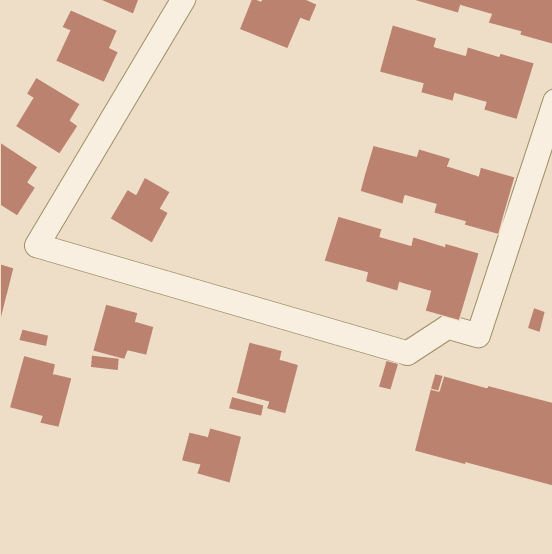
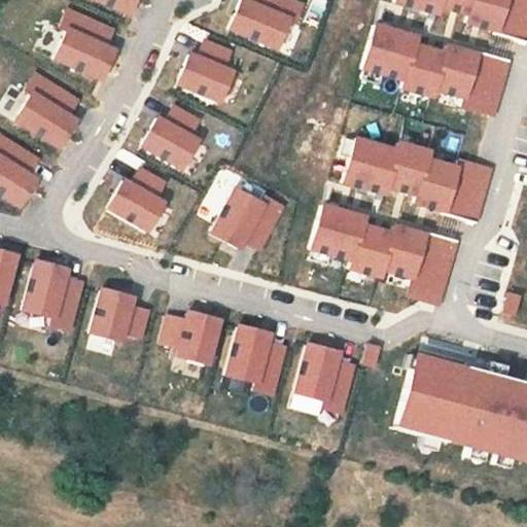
building: none -> [177,40,233,101]
building: none -> [142,106,199,168]
building: none -> [211,187,283,248]
building: [9,355,72,427] -> [24,259,83,327]
building: none -> [295,342,355,410]
building: [181,428,242,483] -> [162,311,219,363]

